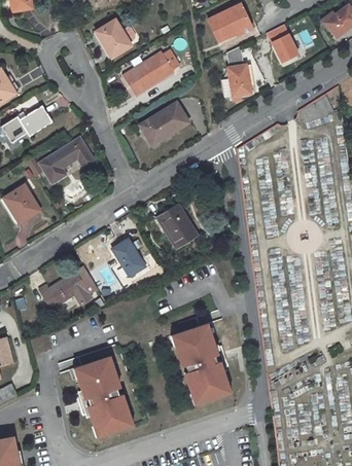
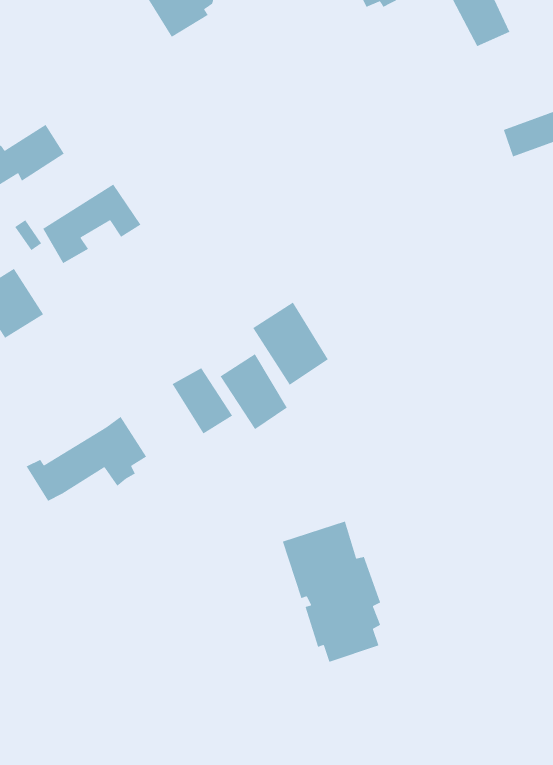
building: [222,46,251,97] -> none
building: [122,48,181,96] -> none
building: [139,102,189,144] -> none
building: none -> [219,353,288,430]
building: [74,355,128,434] -> none

